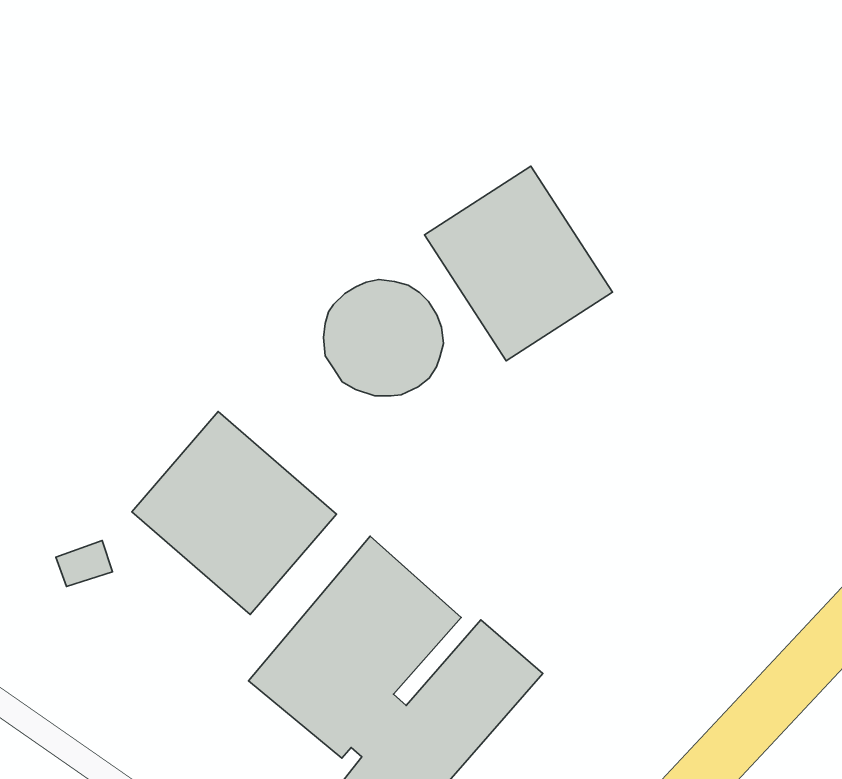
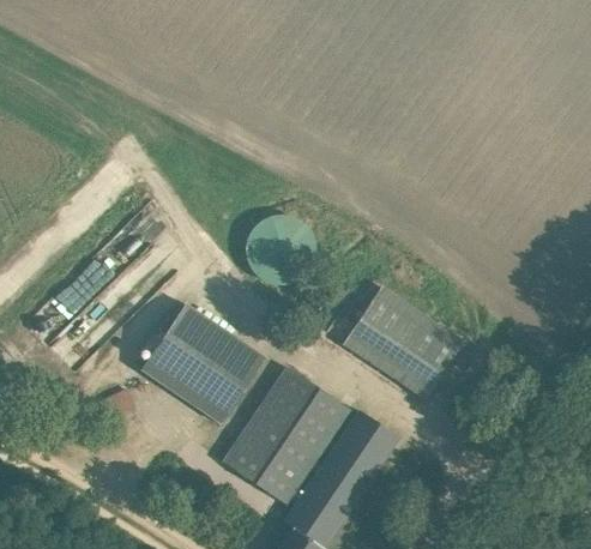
building: [424,166,613,361] -> none
building: none -> [343,284,464,397]

